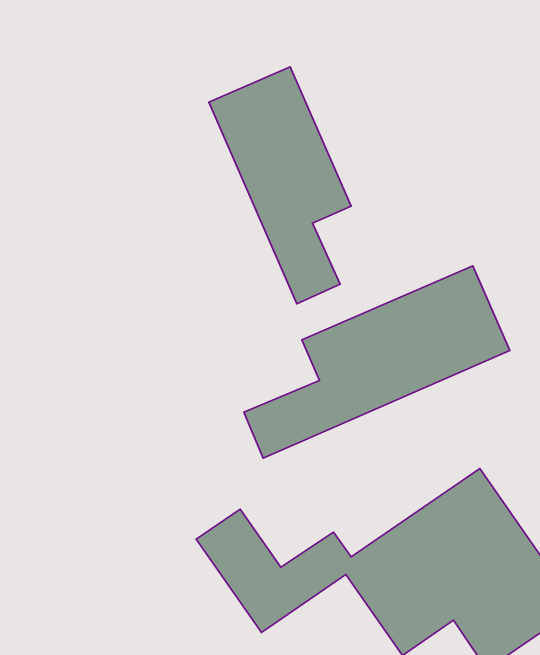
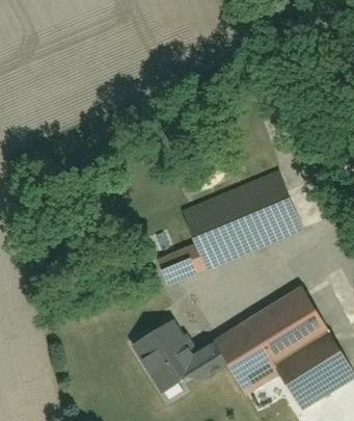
building: [209,67,351,304] -> none

